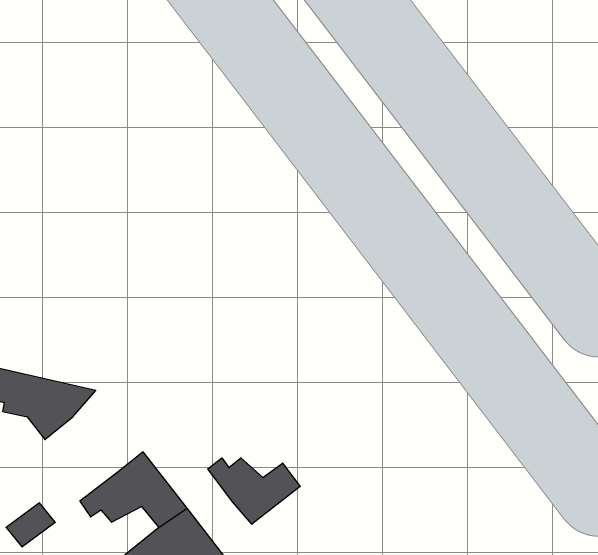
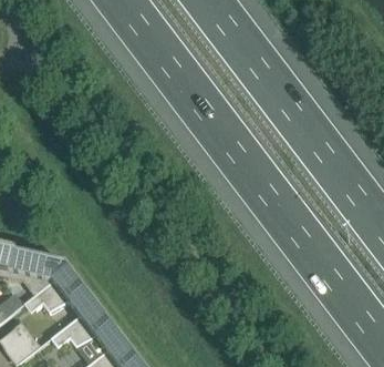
building: none -> [29,262,96,314]
building: [208,458,300,524] -> none

